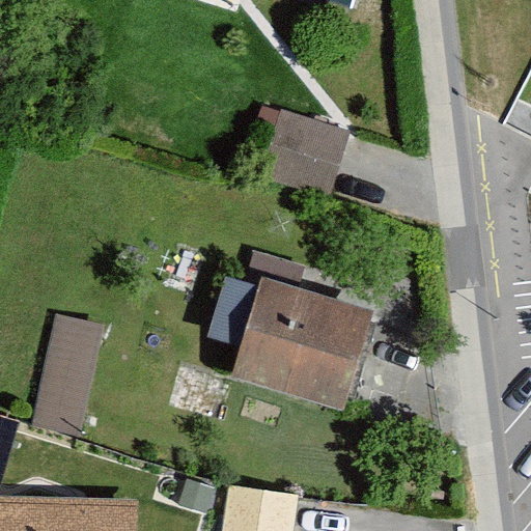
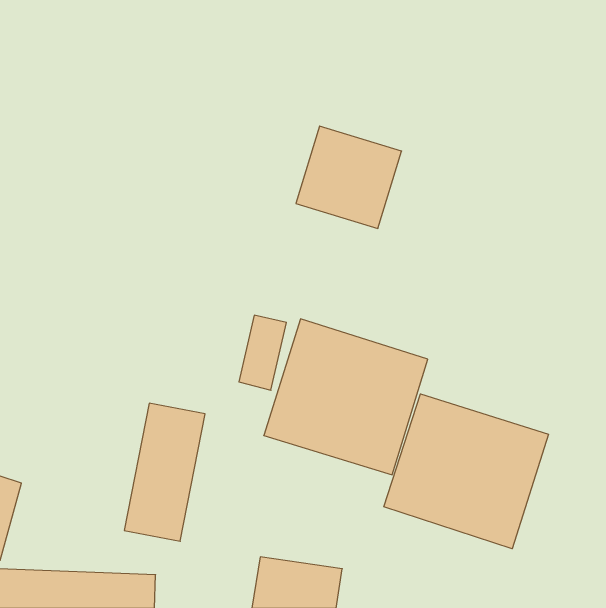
building: [31,311,102,431] -> [124,403,205,541]
building: none -> [384,394,548,549]

